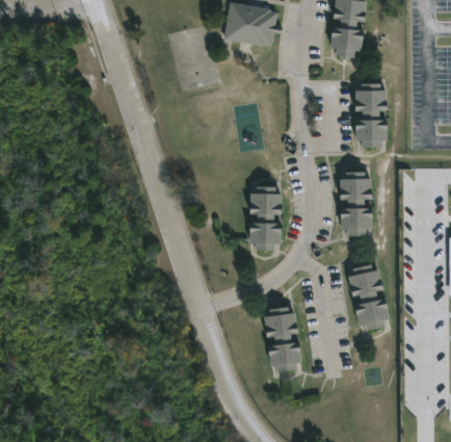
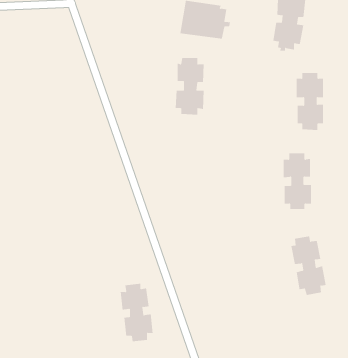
building: [248,187,282,252] -> [175,57,205,115]
building: [267,308,304,373] -> [120,283,153,342]

